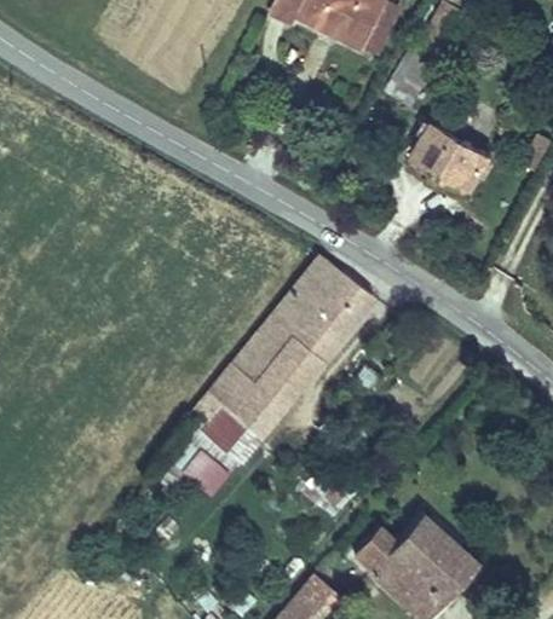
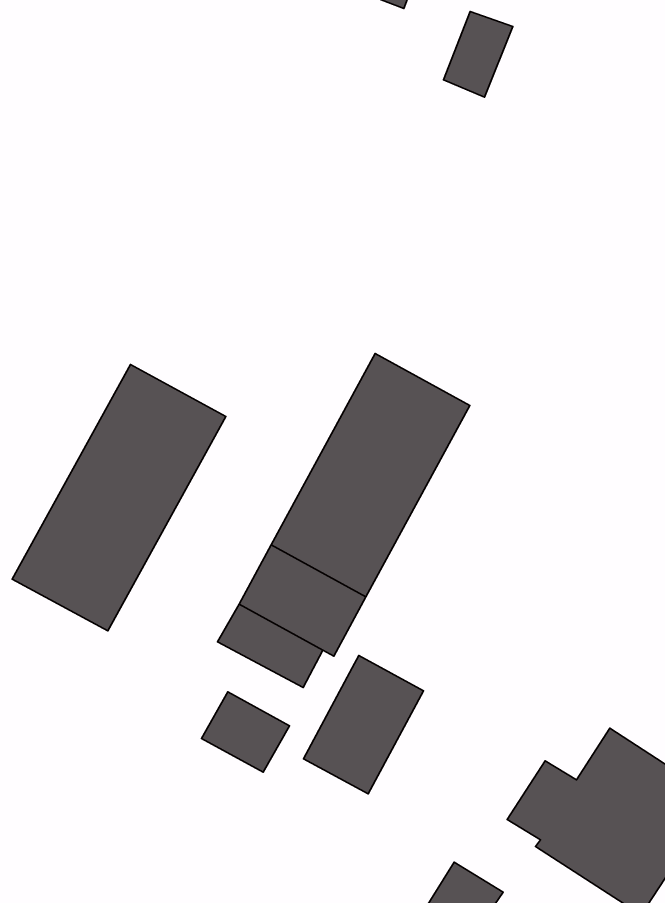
building: [411,127,483,192] -> none
building: none -> [12,364,226,631]
building: none -> [304,656,423,794]

